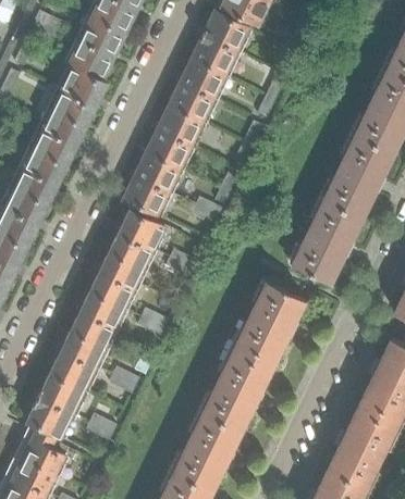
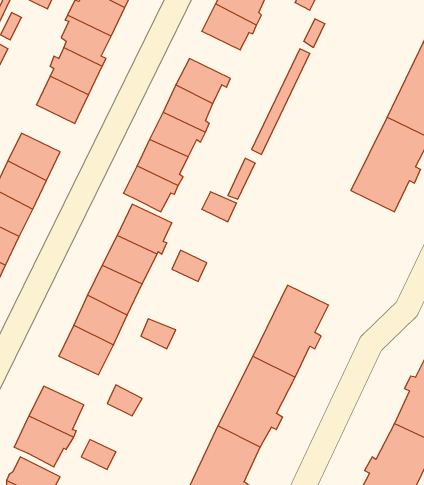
building: [181,58,225,99] -> none
building: [34,122,81,163] -> none
building: [291,197,360,280] -> none
building: [53,341,101,384] -> none

